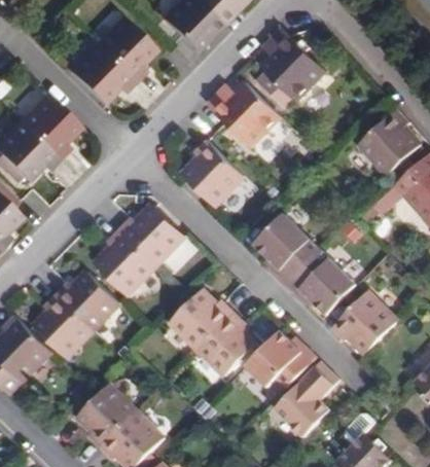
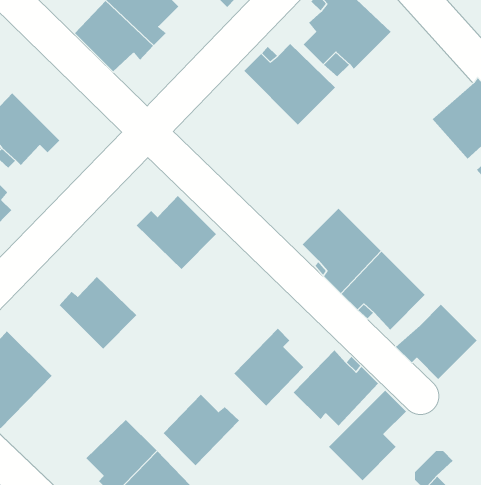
building: [19,94,79,160] -> none
building: [181,141,244,207] -> none
building: [96,229,156,294] -> none
building: [172,291,235,350] -> [163,394,240,466]
building: [35,294,93,357] -> none

